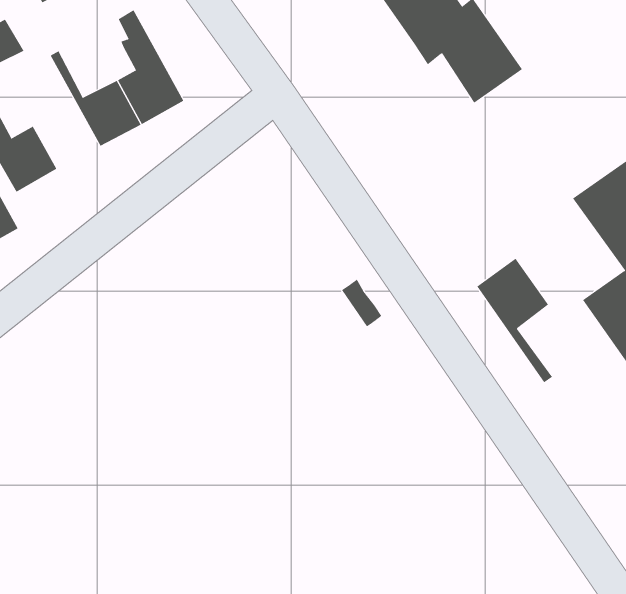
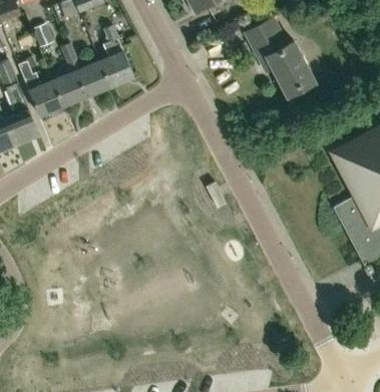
building: none -> [53,45,87,105]
building: [477,258,553,383] -> none

